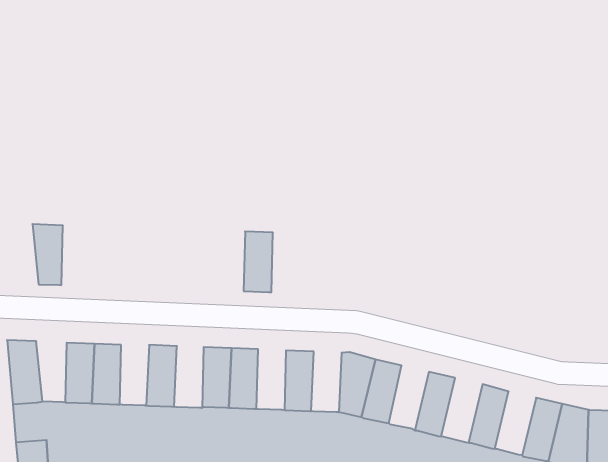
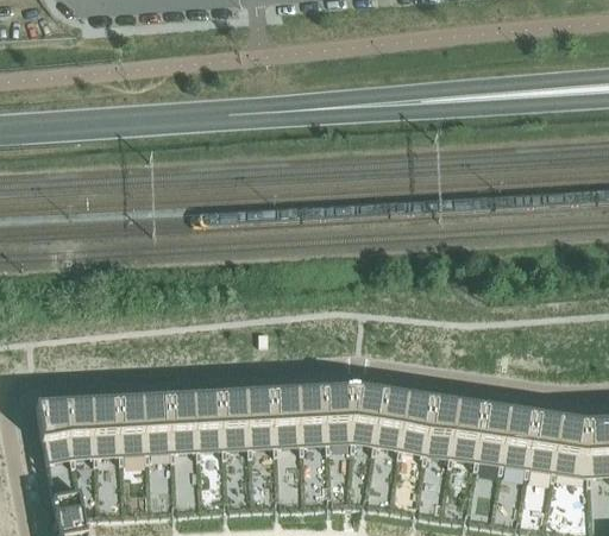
building: [32,224,63,285] -> [63,393,95,450]
building: [244,231,273,292] -> [271,383,301,440]
building: none -> [143,389,171,447]
building: none -> [195,386,224,444]
building: none -> [324,380,352,437]
building: none -> [400,387,433,447]
building: none -> [450,395,484,454]
building: none -> [501,403,535,461]

